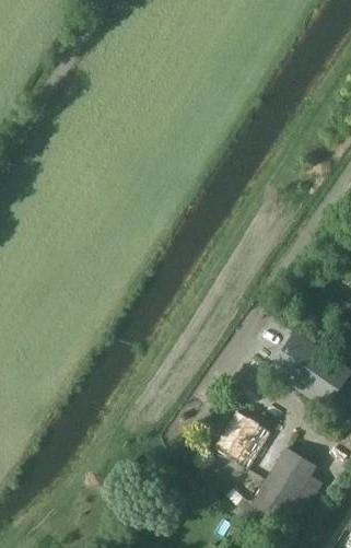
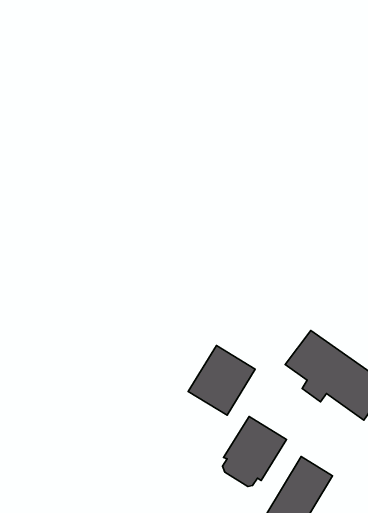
building: none -> [188,346,255,415]

